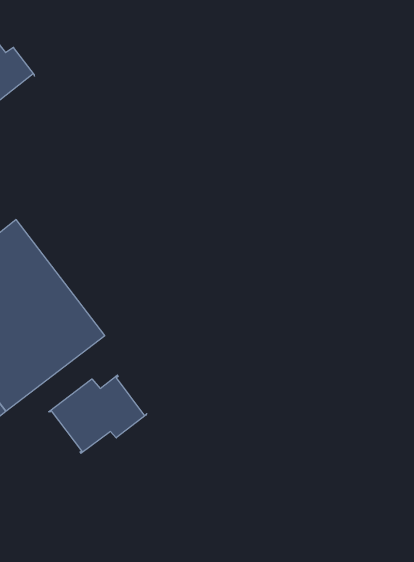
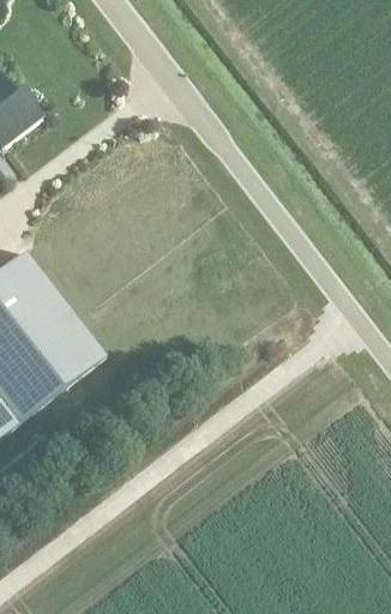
building: [49,375,147,453] -> none

